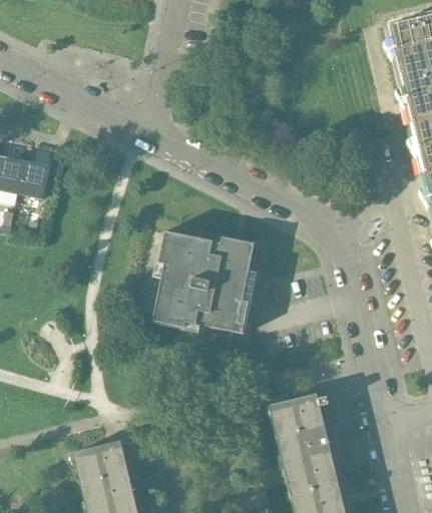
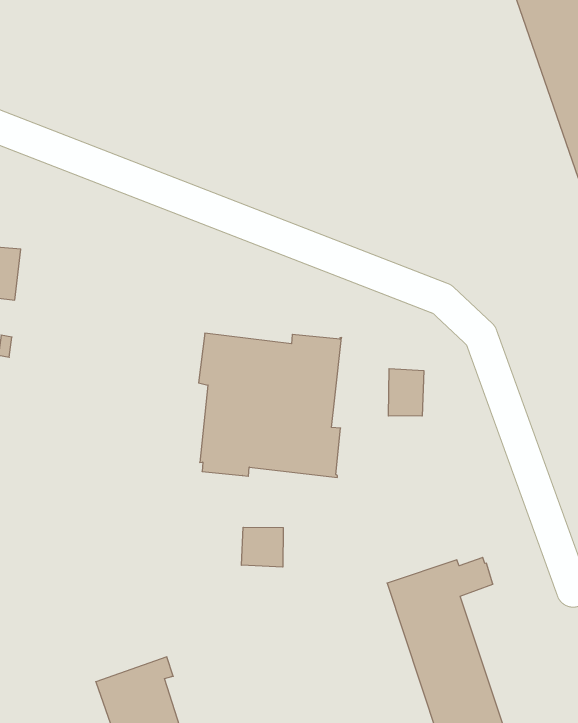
building: none -> [388,369,424,416]
building: none -> [241,527,283,567]

